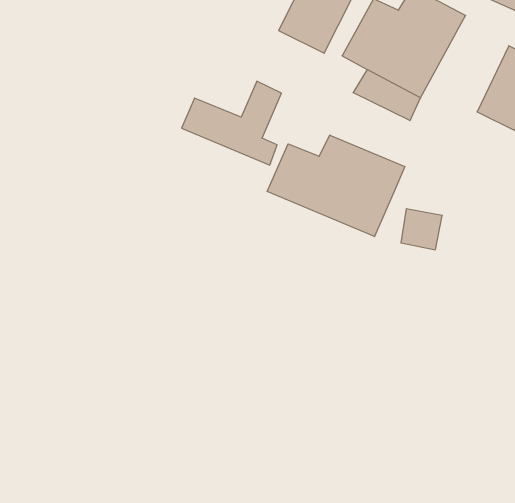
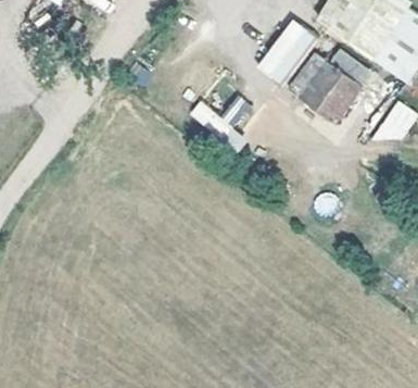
building: [267,135,405,237] -> none

